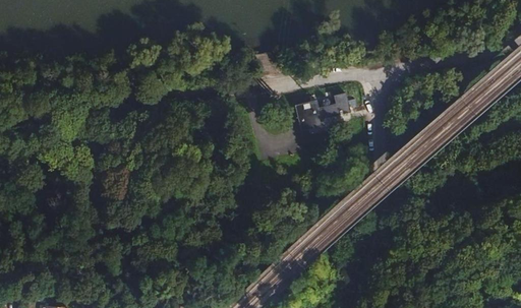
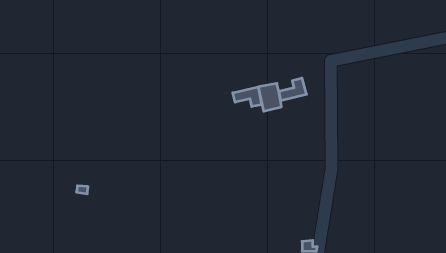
building: none -> [233,87,262,107]

